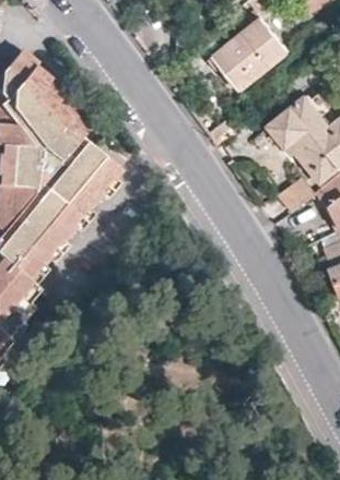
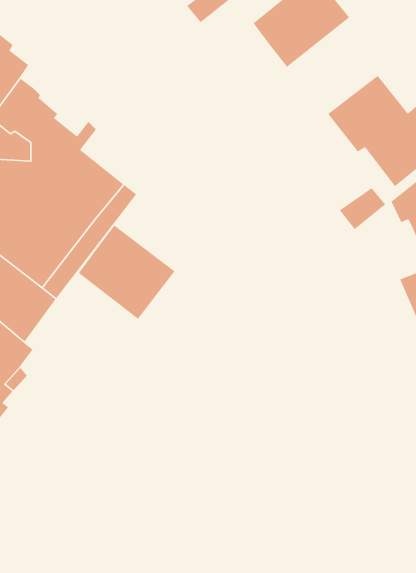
building: none -> [78,224,176,320]

